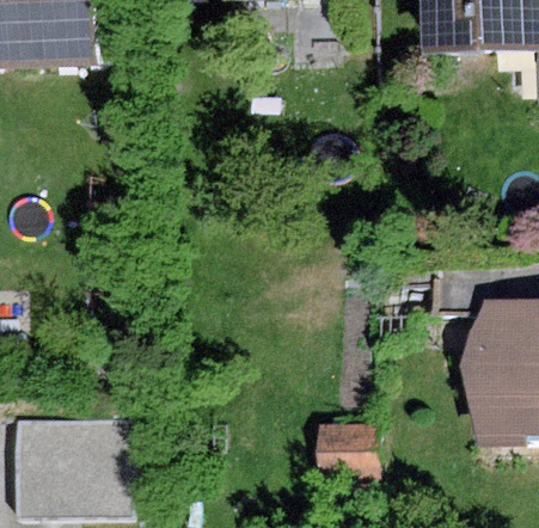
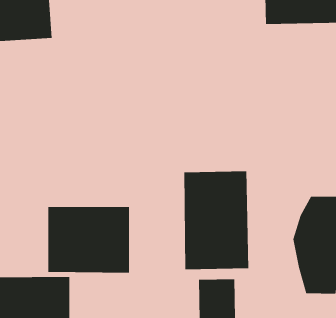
building: none -> [184,170,249,270]
building: none -> [48,206,130,273]

